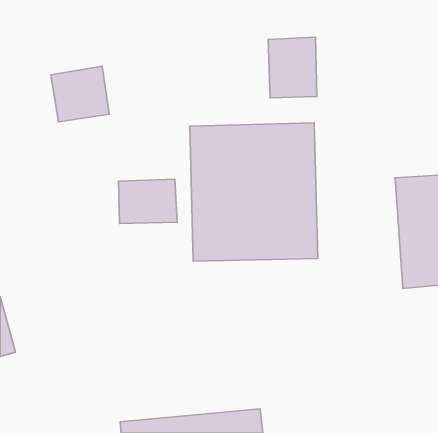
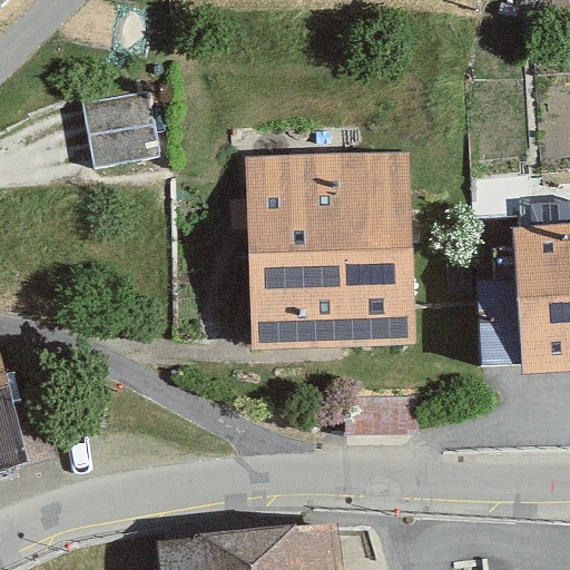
building: [268,37,317,98] -> none
building: [119,179,177,223] -> none

